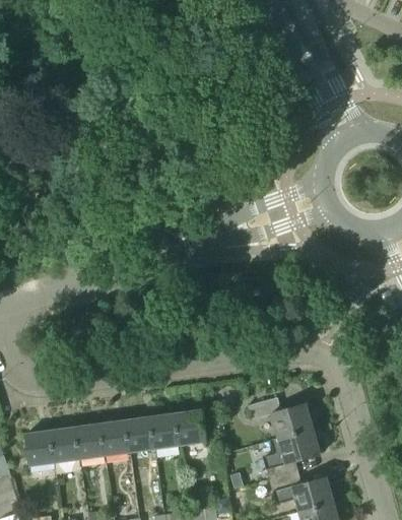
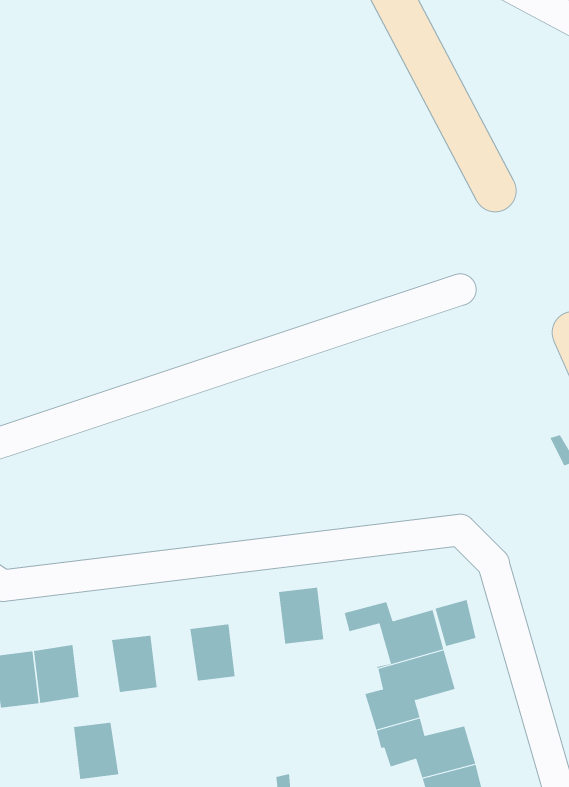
building: none -> [435,599,476,647]
building: [176,409,205,446] -> [278,587,324,644]
building: [126,415,155,453] -> none
building: [76,422,106,459] -> [73,722,119,779]

